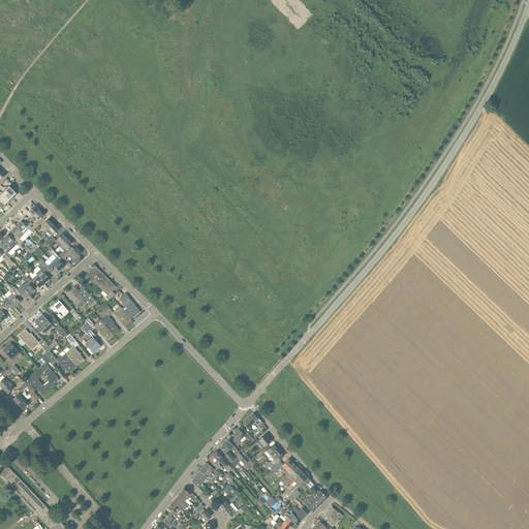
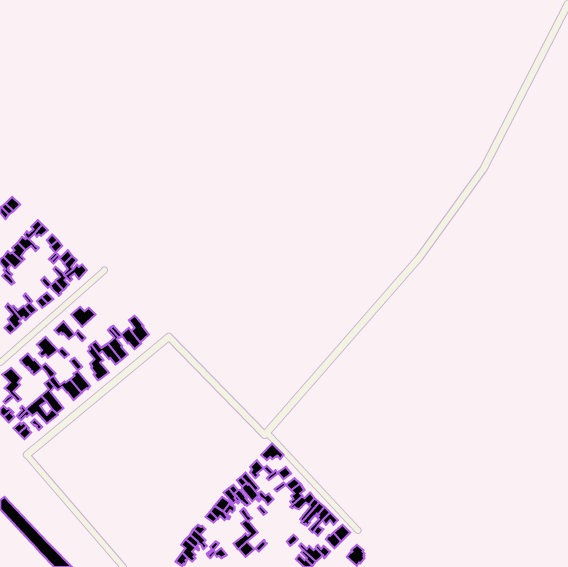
building: [85,266,116,300] -> none

